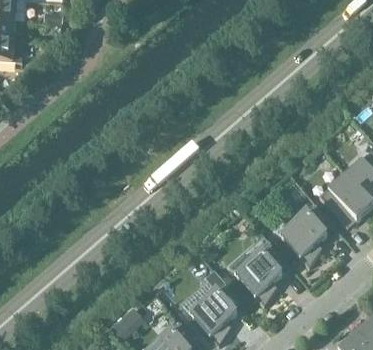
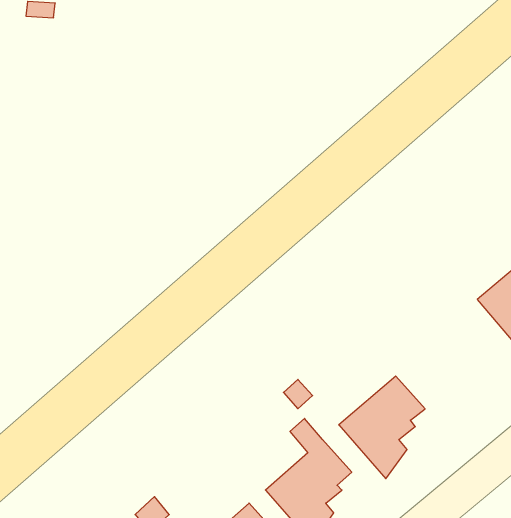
building: [278,203,331,266] -> none

